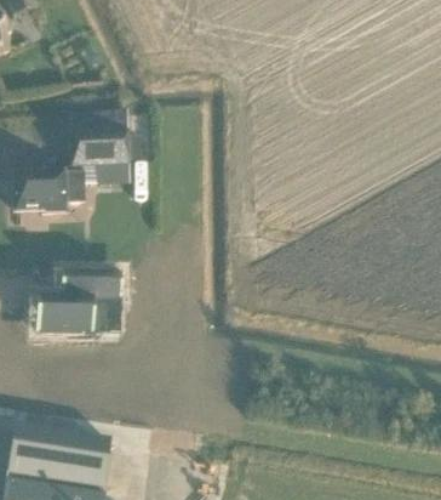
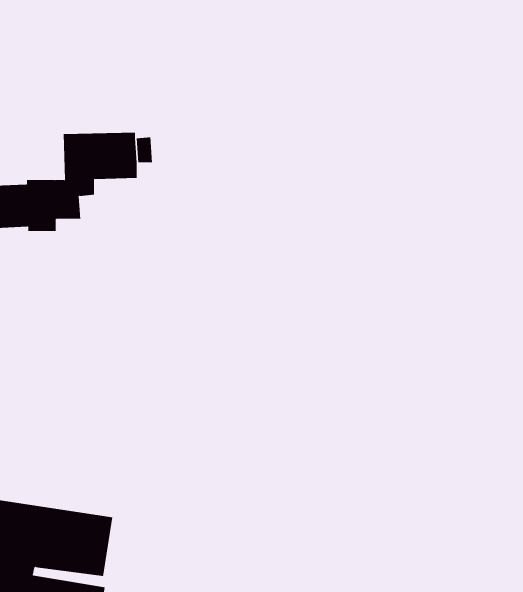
building: [35,271,119,331] -> none

